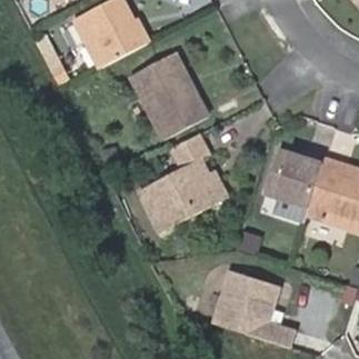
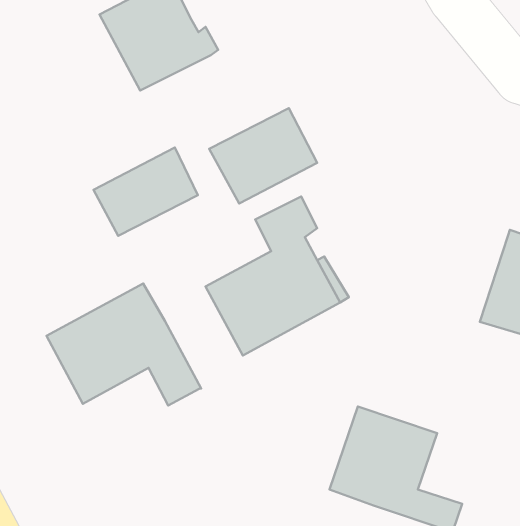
building: [123,50,189,106] -> [93,148,198,236]
building: [267,151,327,207] -> none
building: none -> [46,283,201,406]

